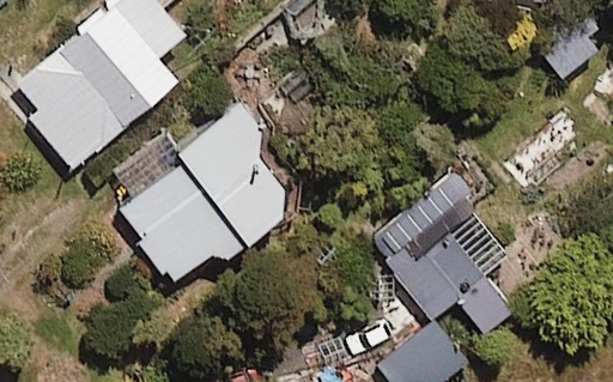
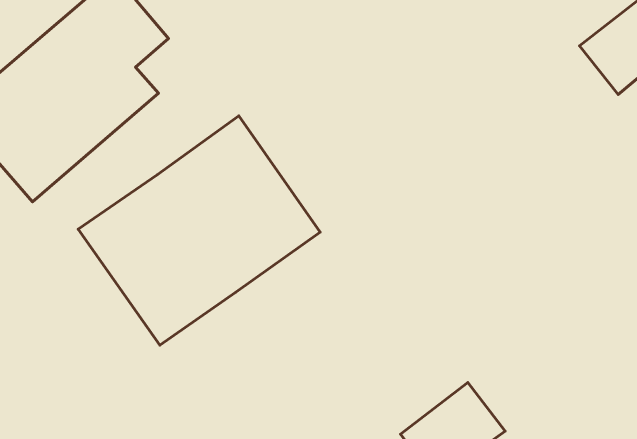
building: [392,210,511,332] -> none

